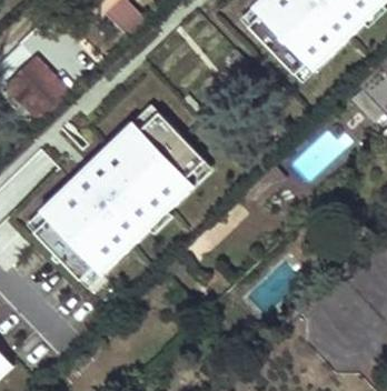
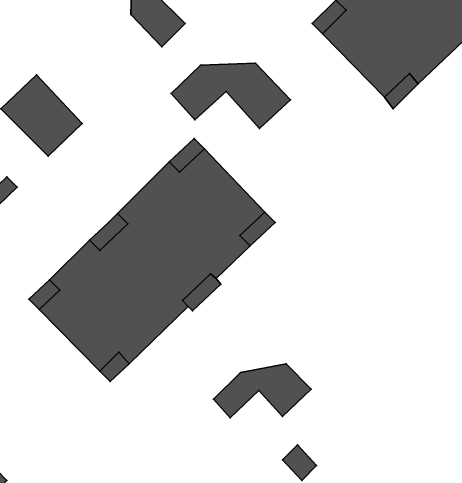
building: none -> [171,63,291,128]
building: none -> [213,364,311,418]

